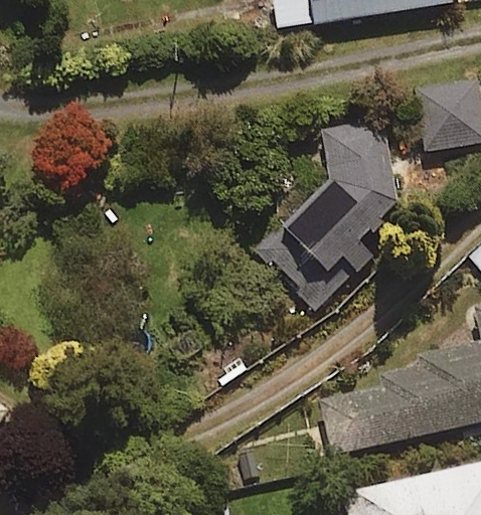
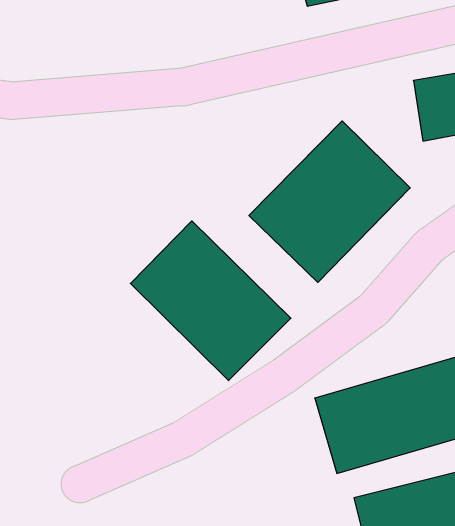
building: none -> [130,221,291,381]

